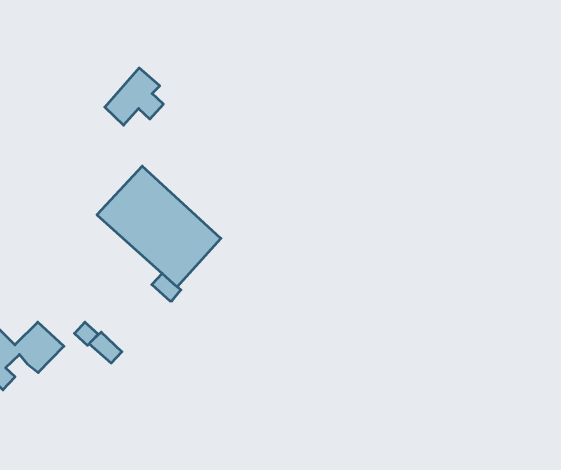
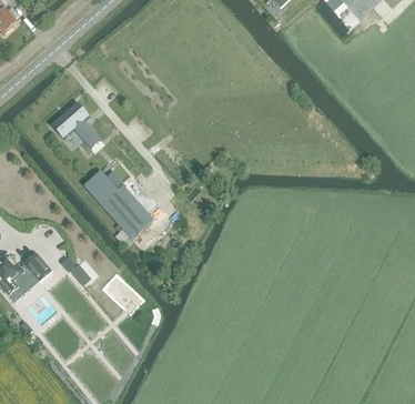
building: [105,68,163,125] -> [51,102,90,139]

